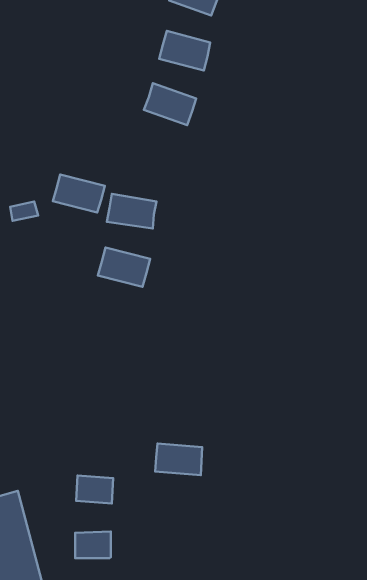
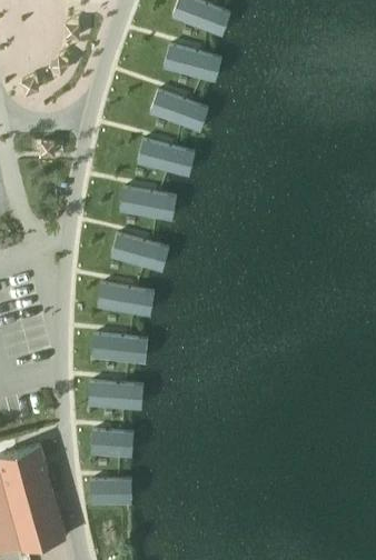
building: [53,174,105,213] -> [137,139,182,172]
building: none -> [98,283,142,313]
building: none -> [92,333,135,361]
building: [155,443,202,475] -> [88,383,129,411]

